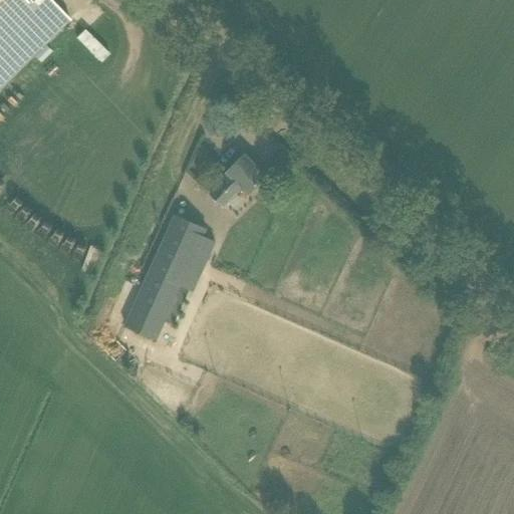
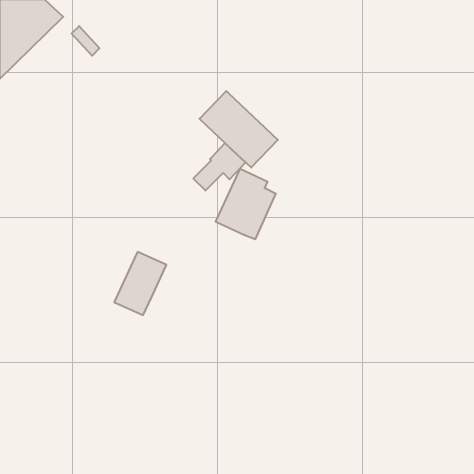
building: none -> [199,91,278,168]
building: [149,215,214,291] -> [216,169,276,239]

